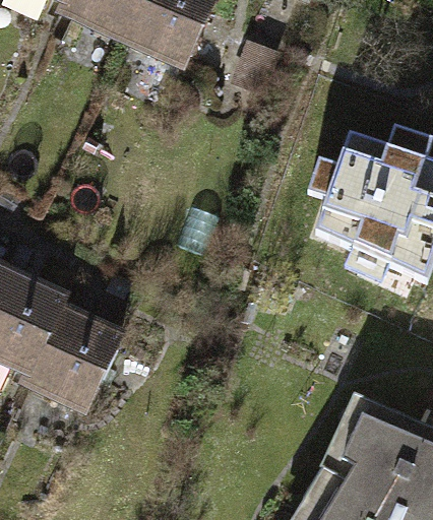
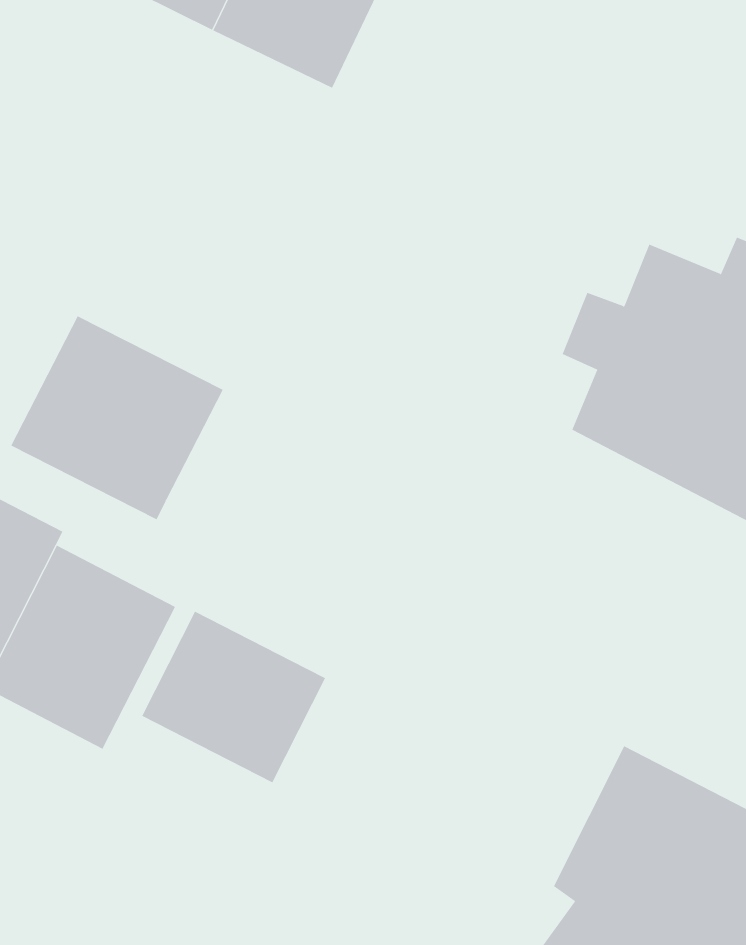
building: none -> [11,315,224,520]
building: none -> [141,611,326,783]

